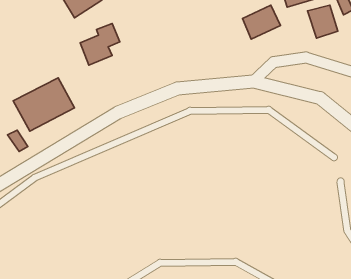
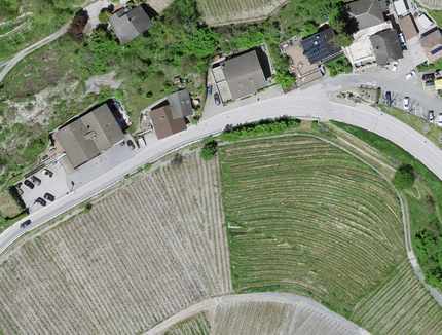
building: [80,24,120,65] -> [150,92,192,137]
building: none -> [219,52,266,99]

